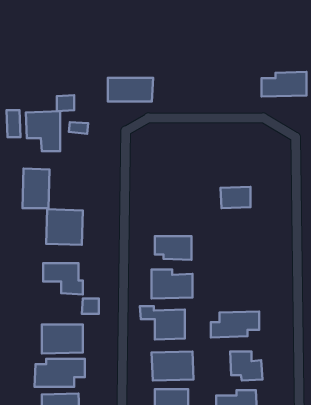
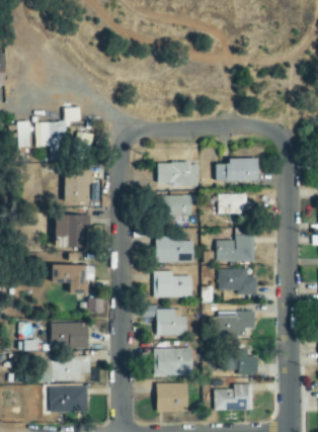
building: [261,72,307,97] -> [216,158,258,181]
building: [108,78,153,101] -> [157,163,200,185]
building: [23,168,49,208] -> [65,165,90,202]
building: none -> [155,195,192,222]
building: none -> [217,236,255,262]
building: none -> [219,269,256,295]

